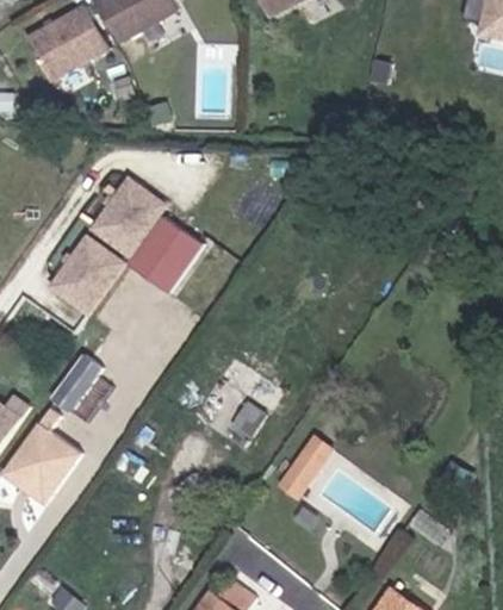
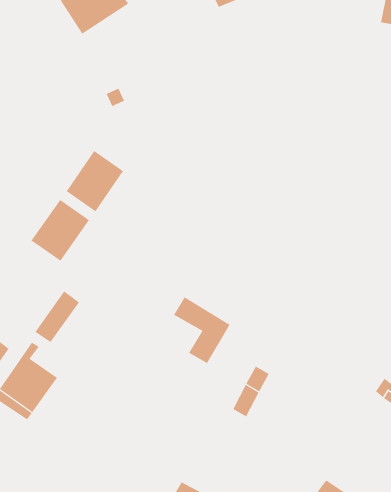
building: [17,8,100,86] -> none
building: [126,213,200,292] -> none

